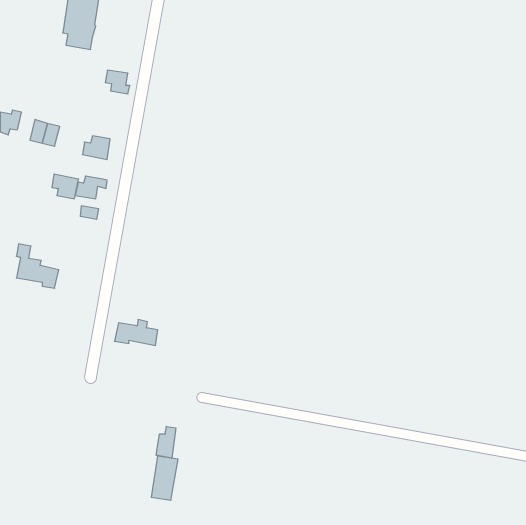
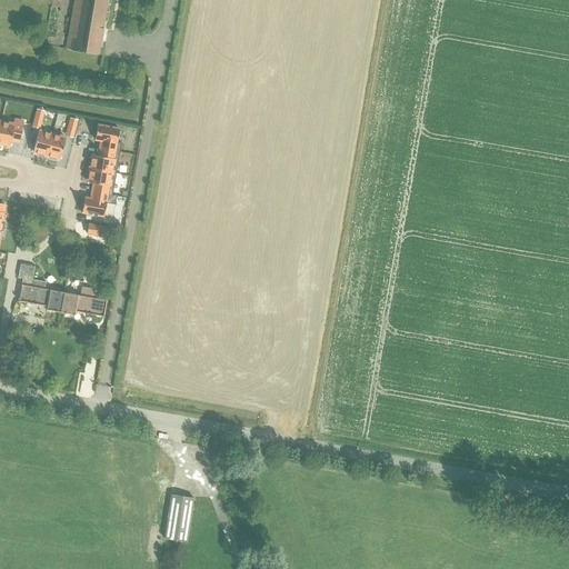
building: [105,70,130,94] -> [94,124,121,150]
building: [52,174,79,199] -> [87,167,116,193]
building: [114,320,158,345] -> [59,288,106,316]
building: [156,426,176,458] -> none

